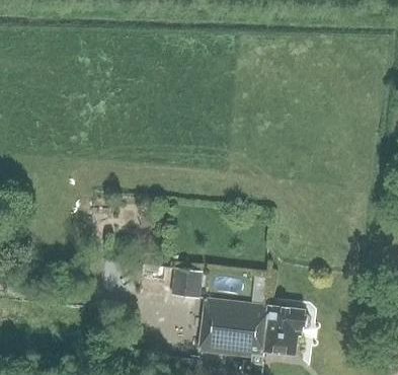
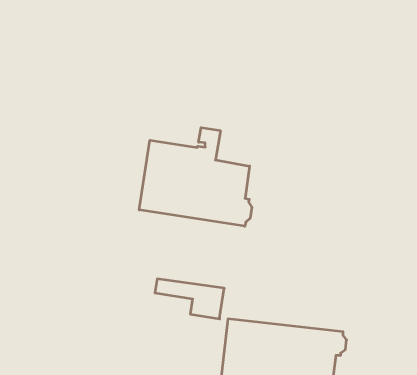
building: none -> [139,128,252,226]

